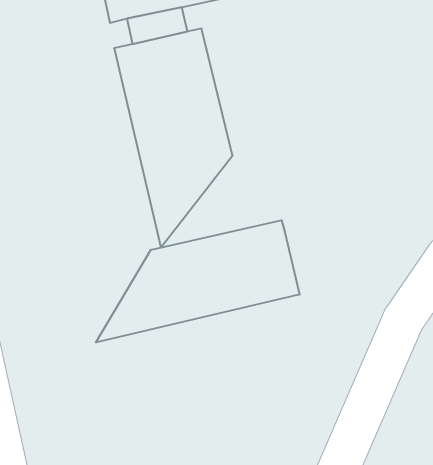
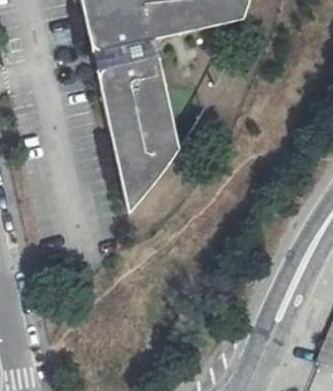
building: [96,220,300,342] -> none

